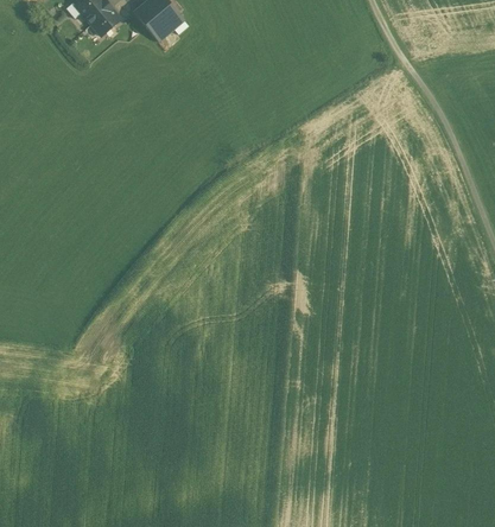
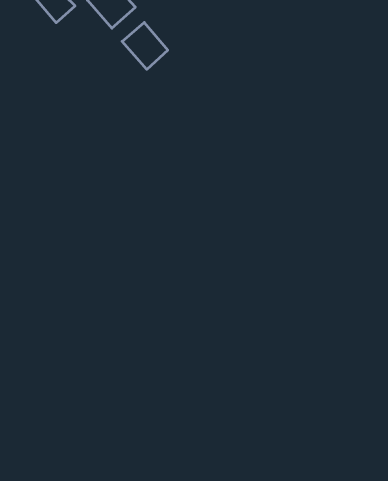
building: none -> [122,22,168,69]

